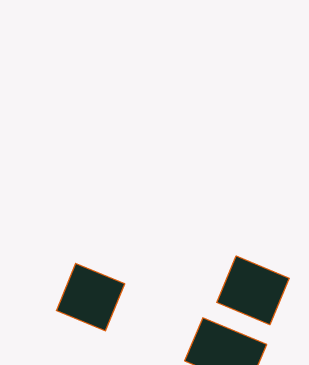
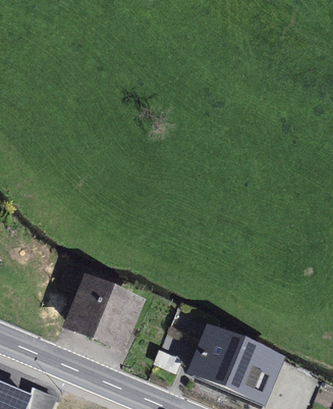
building: [217,256,289,325] -> none

